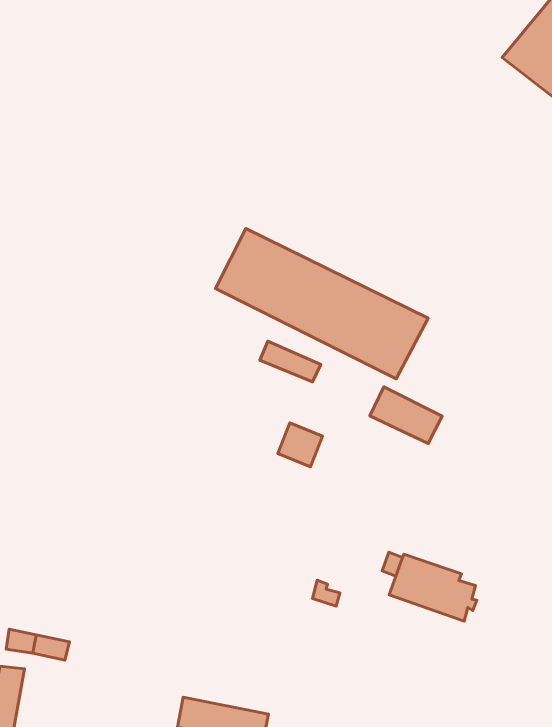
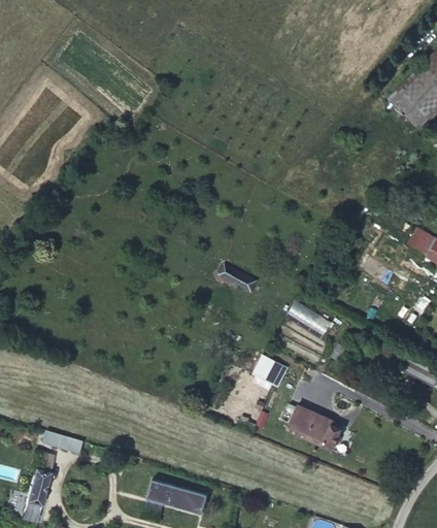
building: [216,228,428,379] -> none
building: [278,423,322,467] -> [256,357,284,386]

